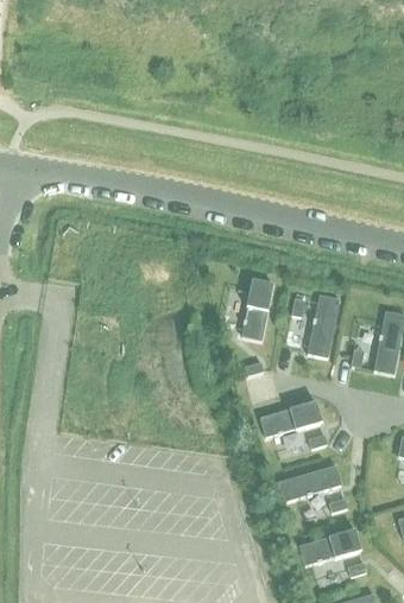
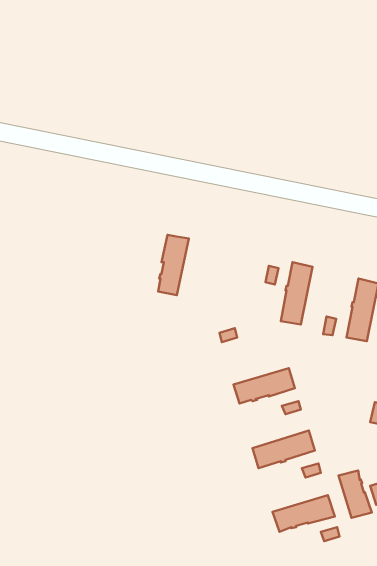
building: [241,280,272,341] -> [158,235,189,295]
building: none -> [339,470,372,518]

